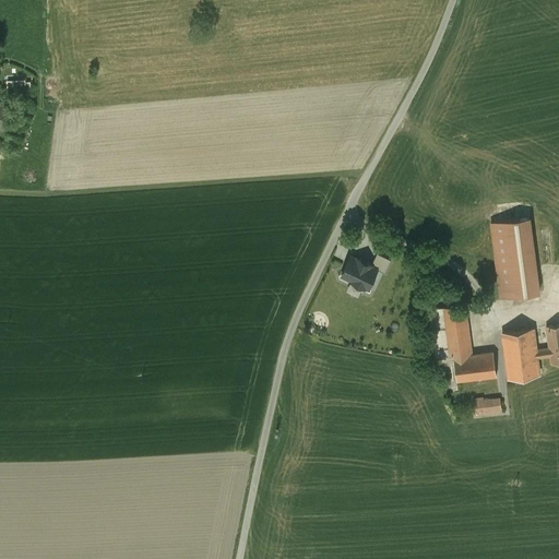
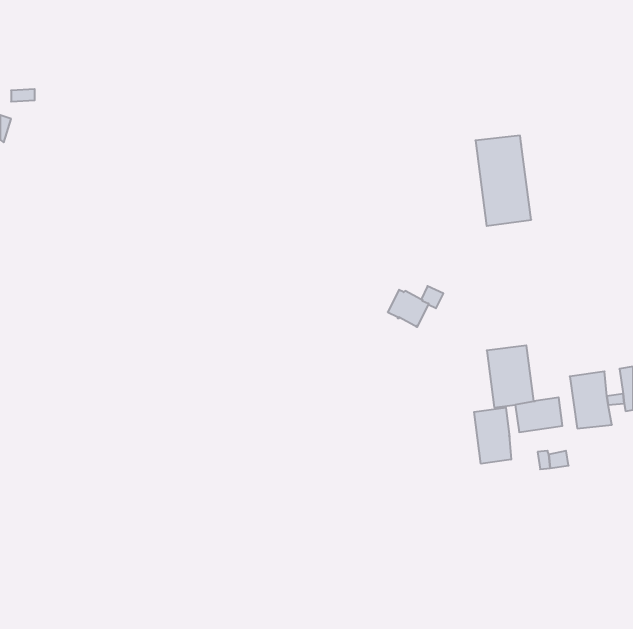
building: [490,221,539,300] -> [475,136,531,226]
building: none -> [474,407,511,464]

